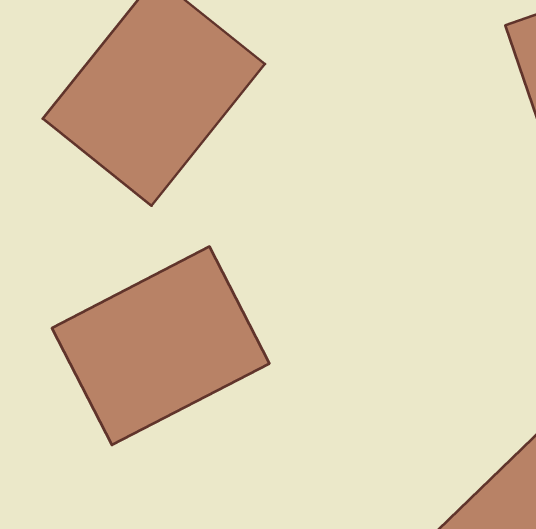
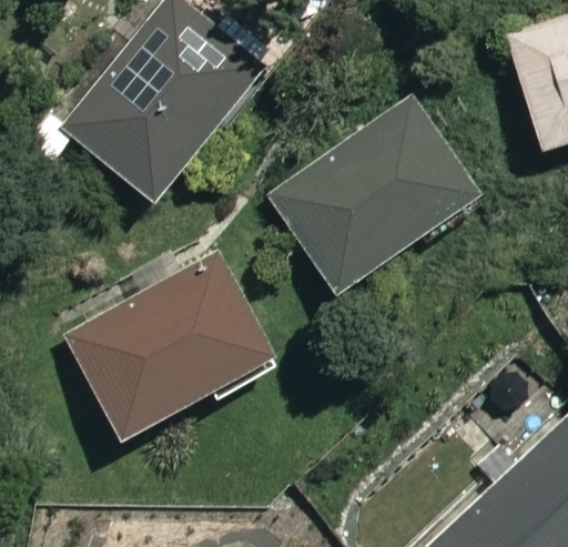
building: none -> [265,94,478,295]

